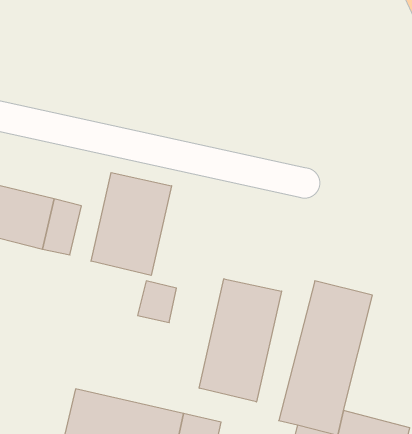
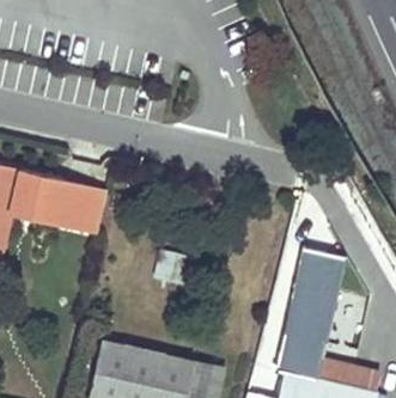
building: [91,173,172,275] -> none
building: [199,279,282,402] -> none

